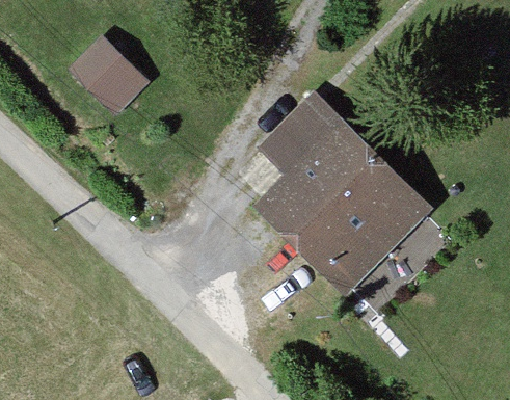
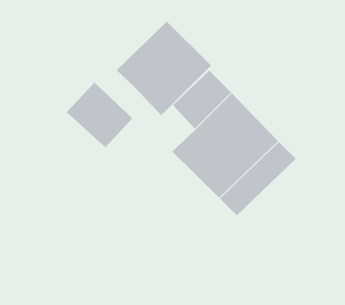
building: [68,32,151,114] -> [66,82,133,148]
building: none -> [116,21,212,116]

